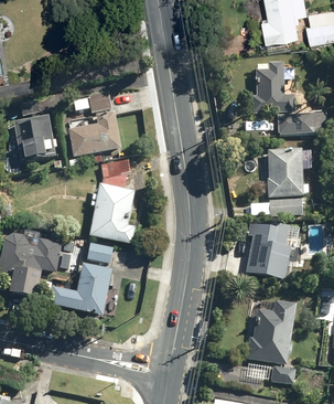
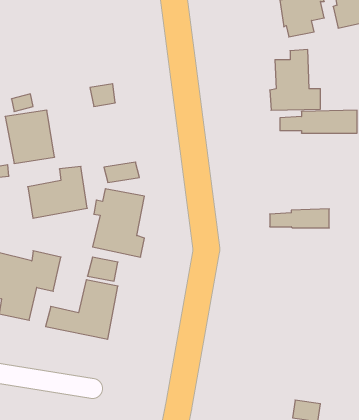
building: [74,109,126,155] -> [28,166,87,218]
building: [263,148,305,198] -> none
building: [244,223,298,280] -> none
building: [244,300,293,364] -> none

